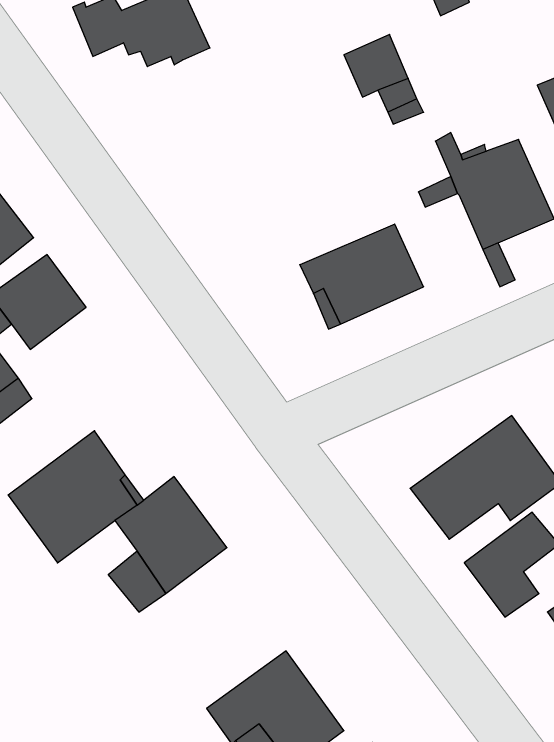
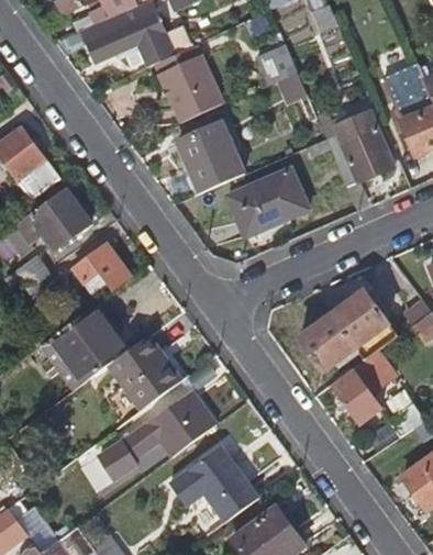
building: none -> [154,42,224,123]
building: none -> [176,120,245,192]
building: none -> [71,242,130,292]
building: none -> [98,389,214,480]

